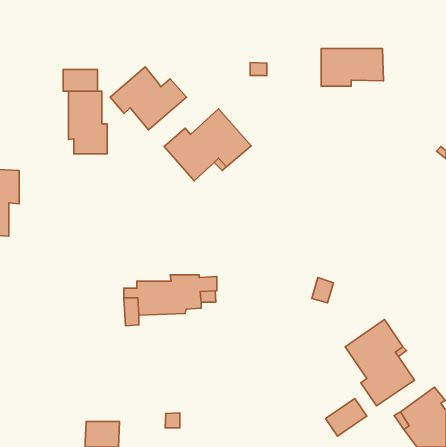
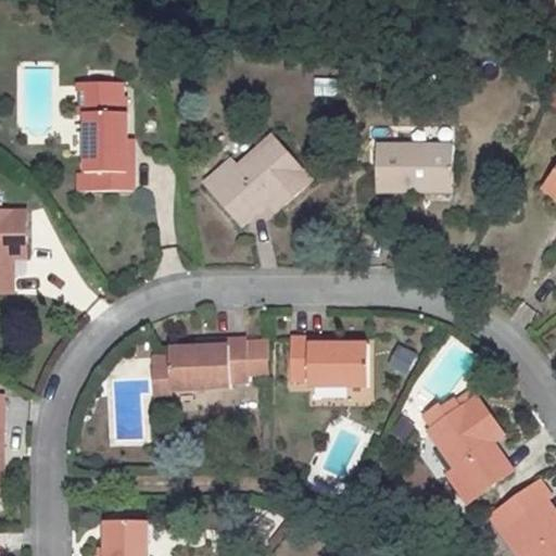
building: [321,48,384,86] -> [376,143,453,190]
building: [110,67,186,130] -> none
building: none -> [291,337,367,387]
building: [325,399,367,436] -> none

